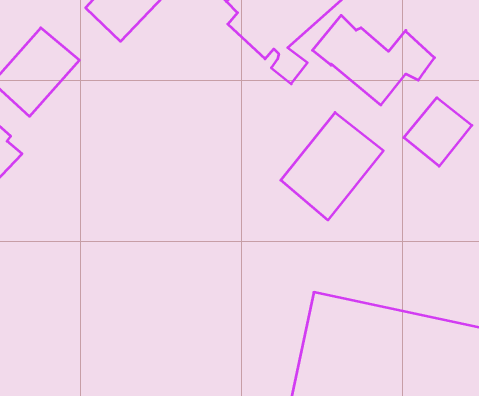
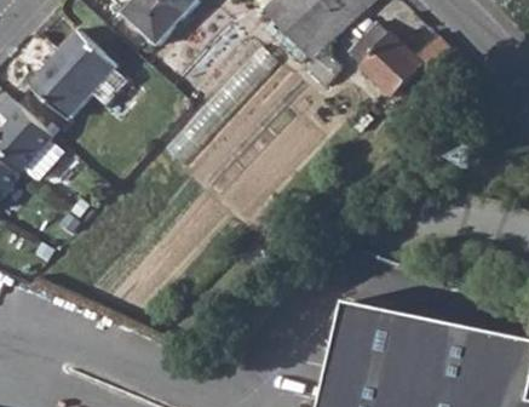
building: [404,98,472,166] -> none
building: [281,112,383,220] -> none

